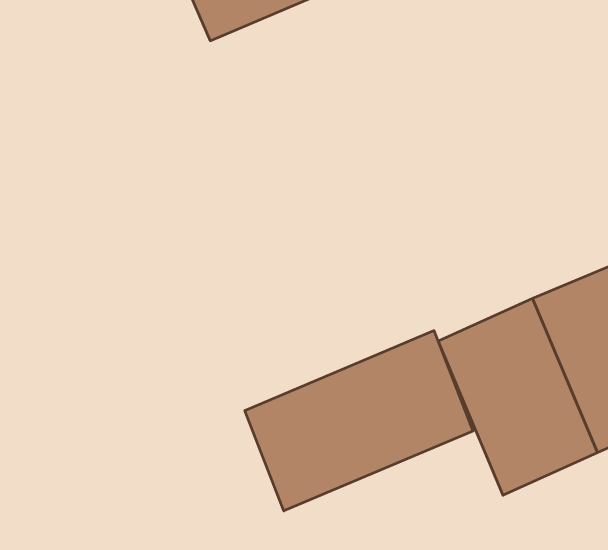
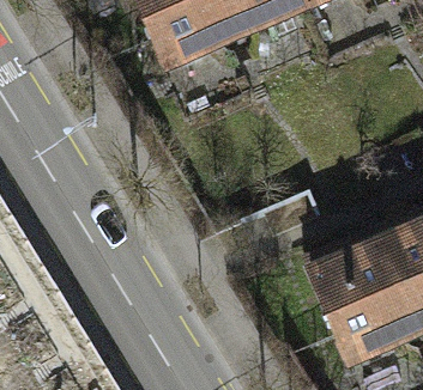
building: [245,331,473,511] -> none

